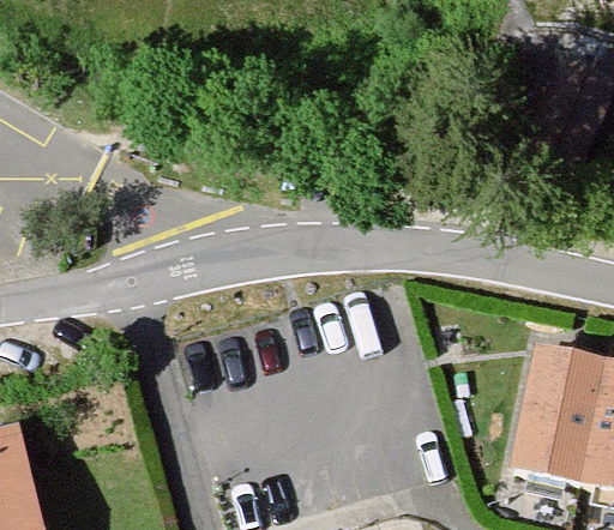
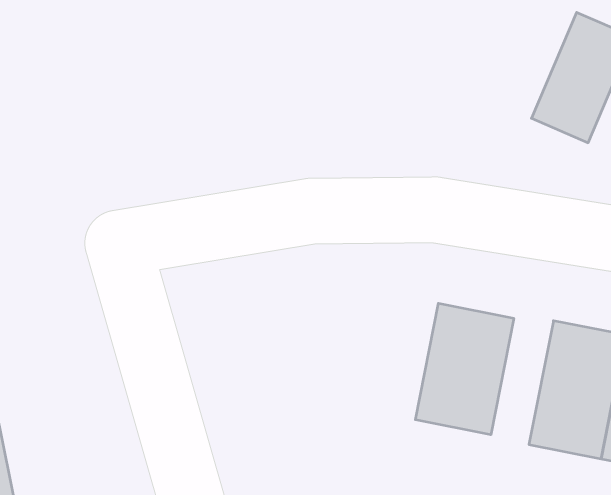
building: none -> [415,303,514,435]

